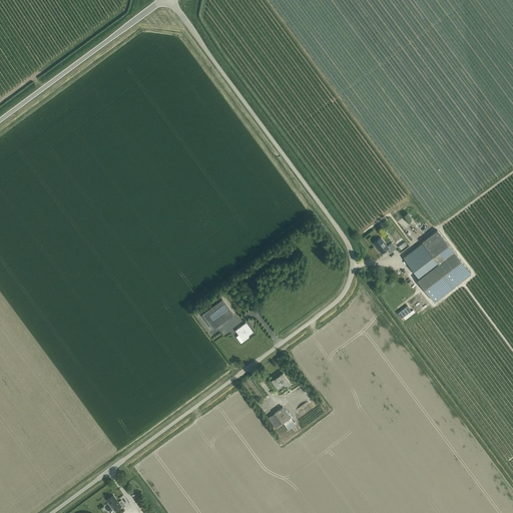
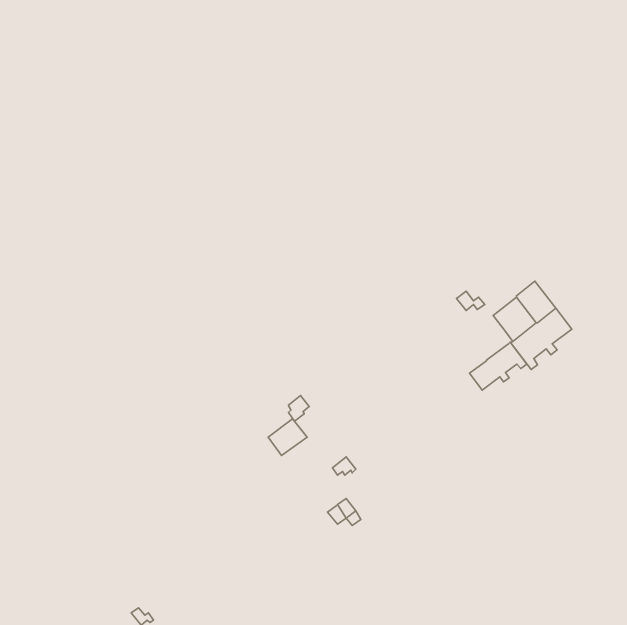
building: none -> [469,342,527,390]
building: [201,302,233,332] -> [268,419,307,456]

